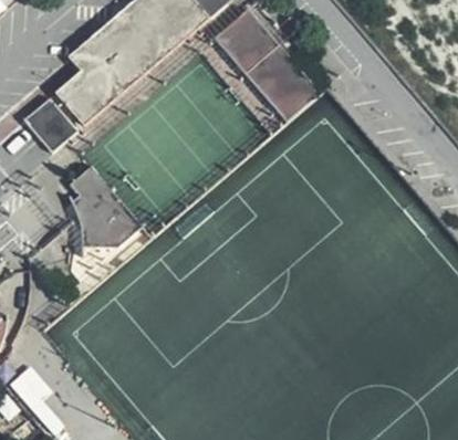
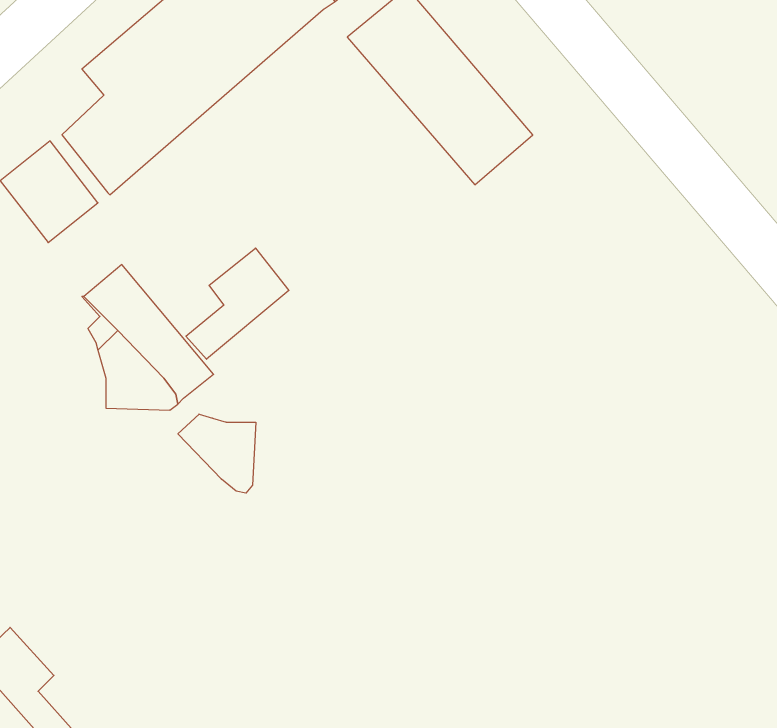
building: none -> [186,248,289,359]
building: none -> [178,414,256,493]

